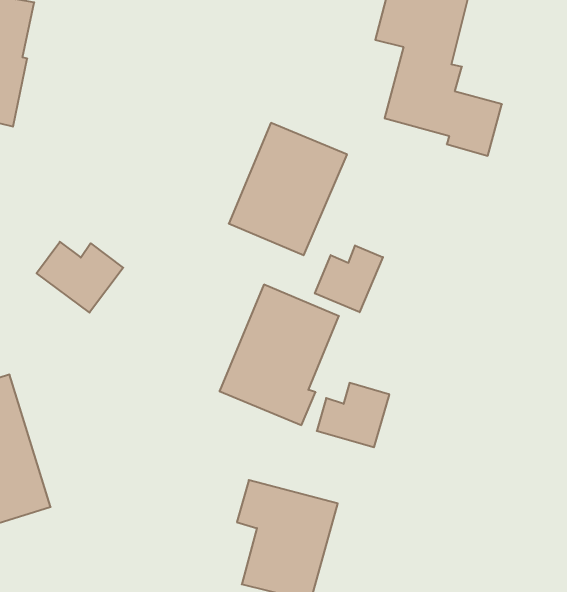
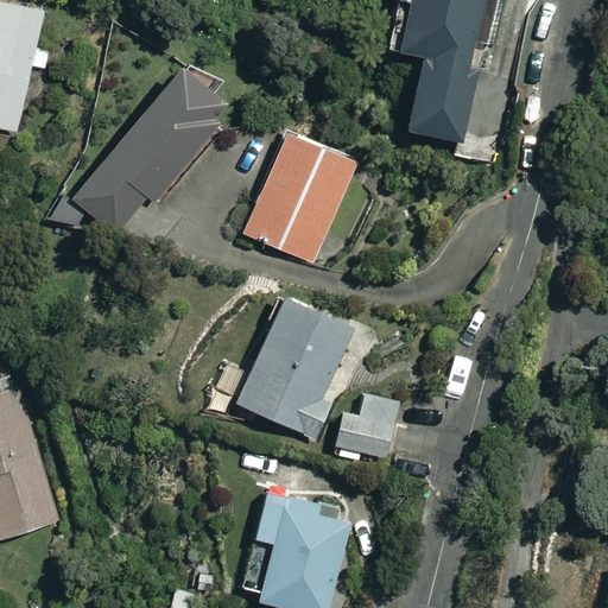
building: none -> [69,62,232,238]
building: [37,242,123,313] -> none
building: [315,245,383,312] -> none

